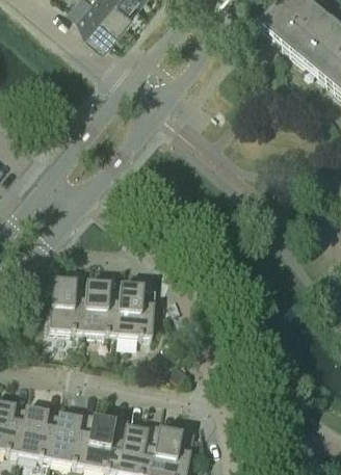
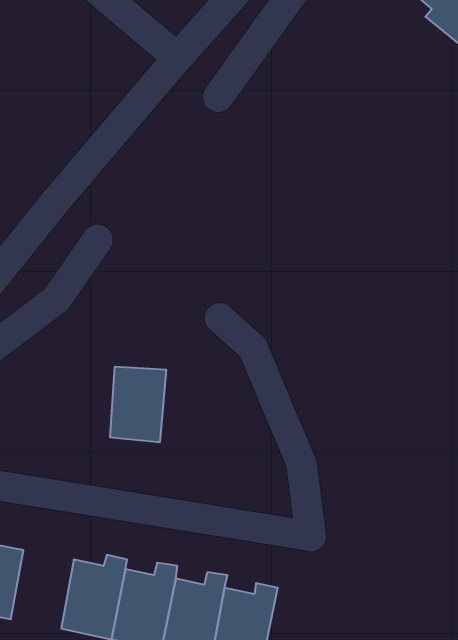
building: [52,283,89,332] -> none
building: [120,287,158,337] -> none
building: [21,406,62,458] -> none

